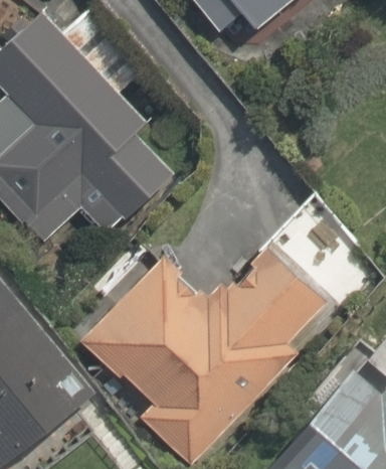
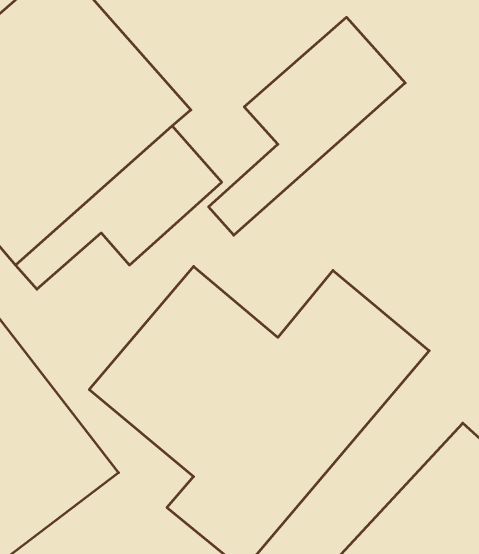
building: none -> [209,17,405,235]

